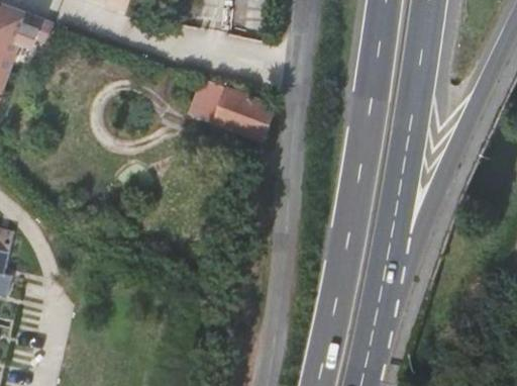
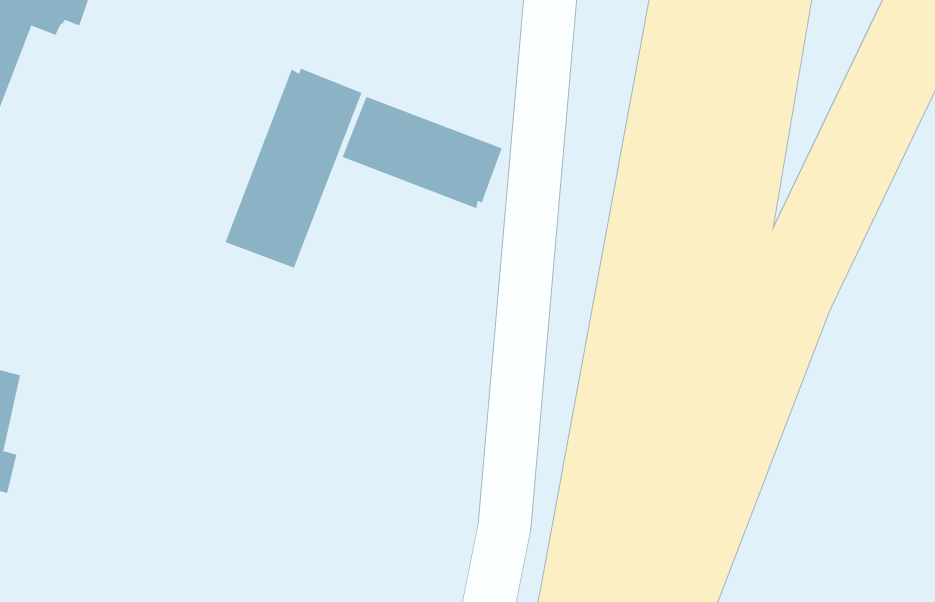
building: none -> [225,68,362,268]

